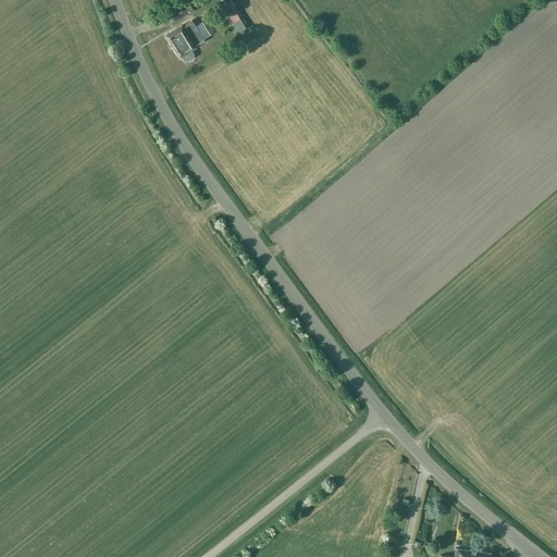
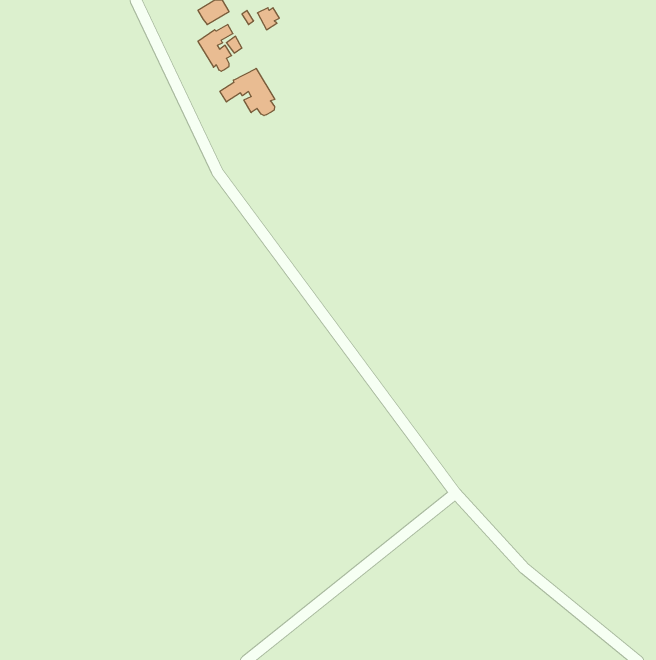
building: none -> [220,68,275,116]

